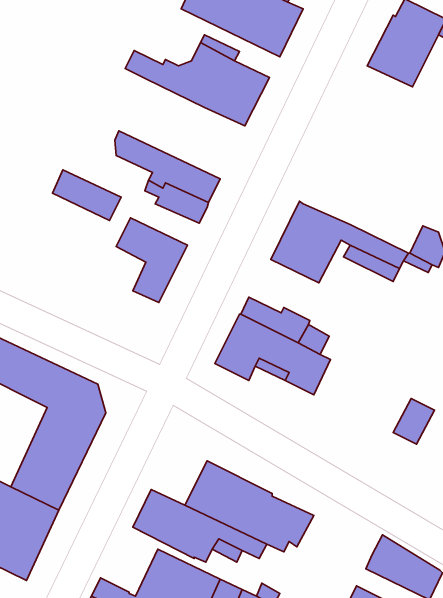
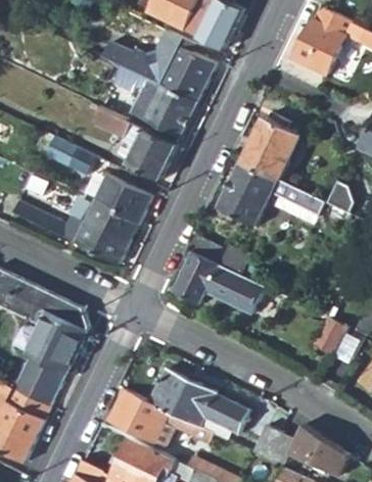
building: none -> [109,66,195,137]
building: none -> [241,118,299,181]
building: none -> [13,198,128,262]
building: none -> [252,426,294,465]

